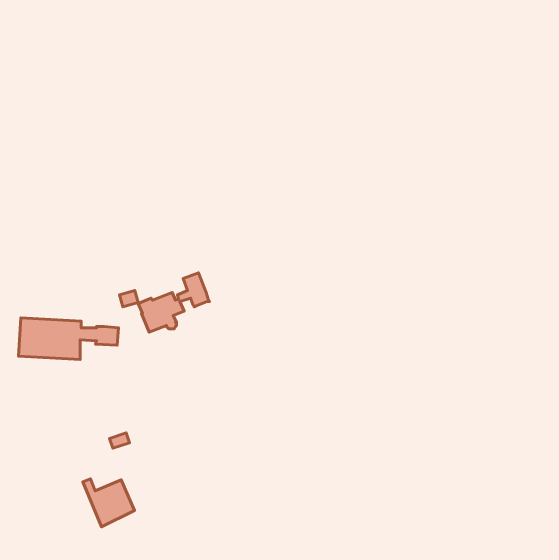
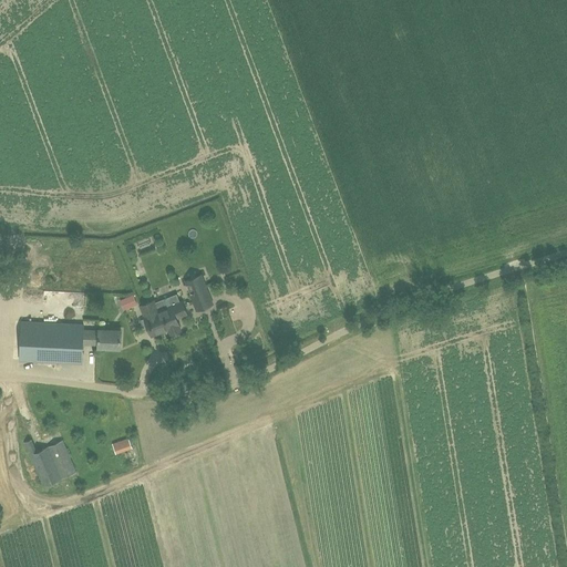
building: [83,479,134,527] -> [23,439,75,487]

